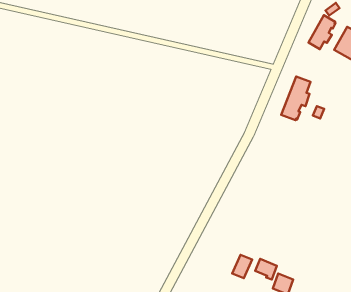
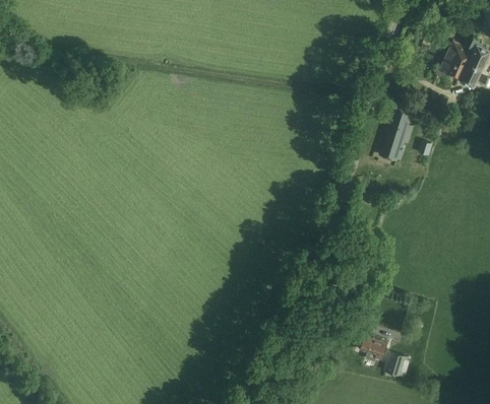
building: [309,15,336,49] -> none
building: [232,255,252,278] -> none

